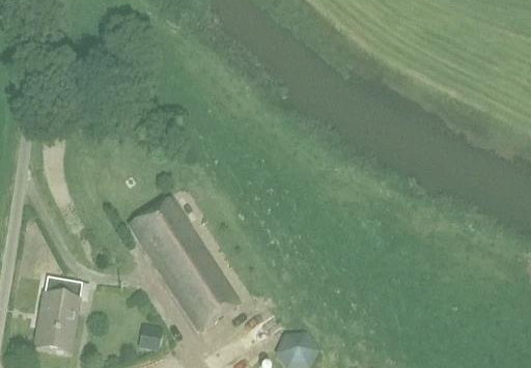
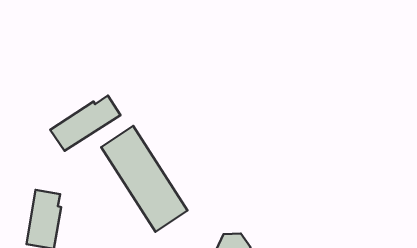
building: none -> [50,96,120,151]

